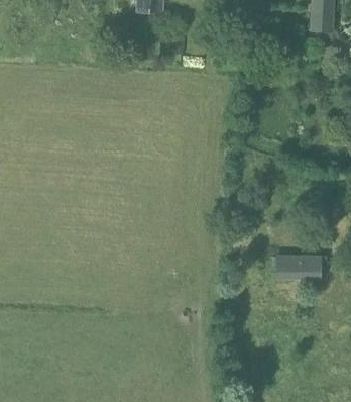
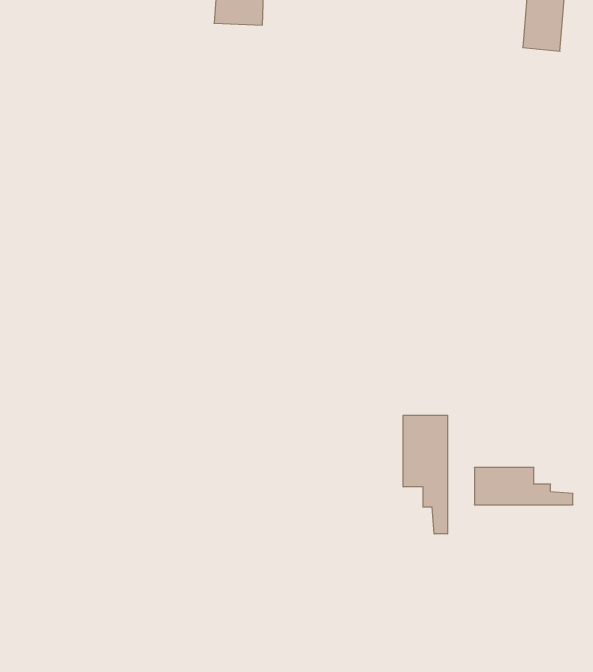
building: none -> [403,415,448,534]

